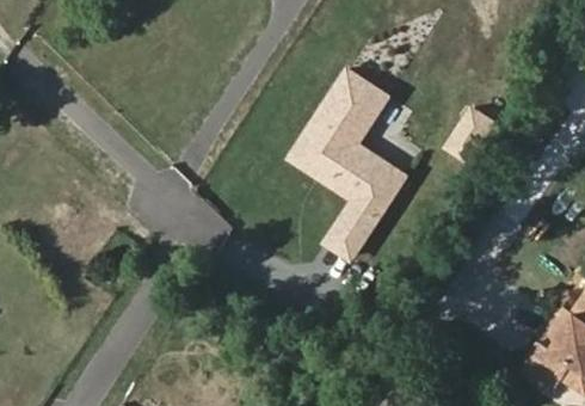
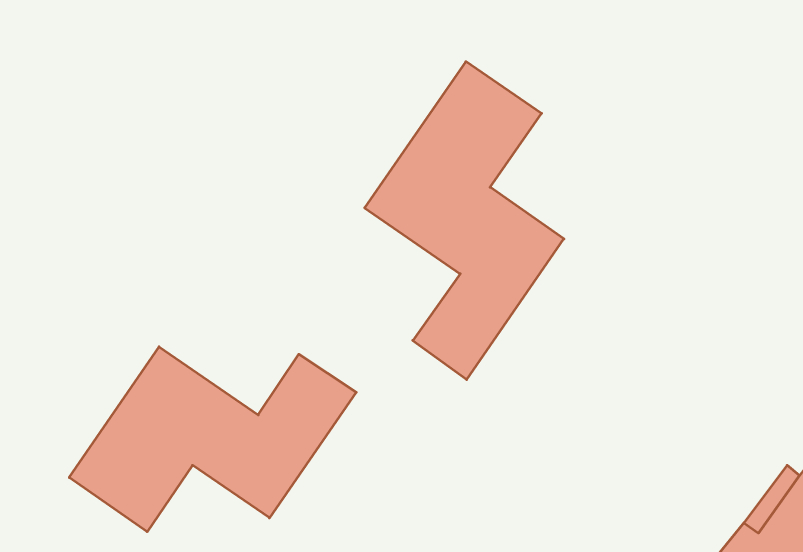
building: none -> [69,347,356,532]

